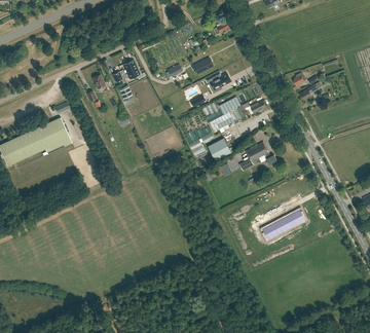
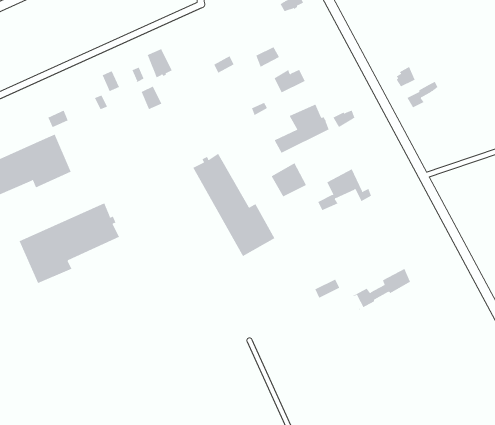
building: none -> [192,153,275,257]
building: none -> [19,203,120,284]

